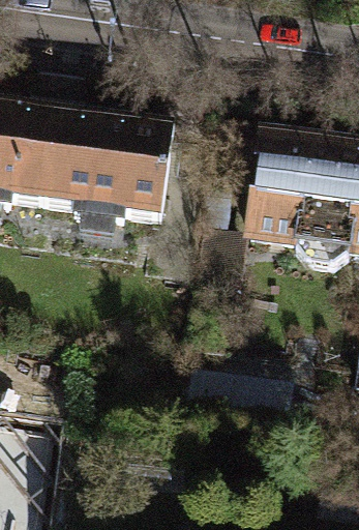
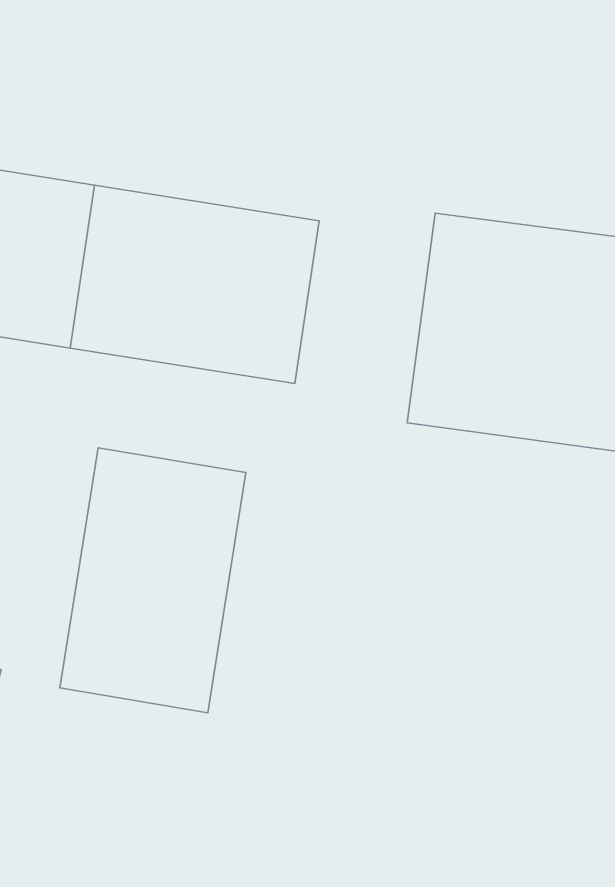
building: none -> [60,448,246,713]

